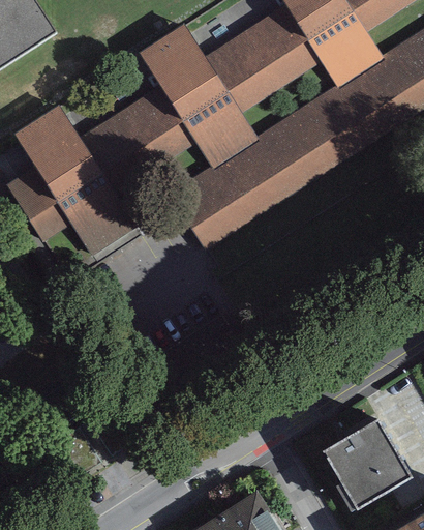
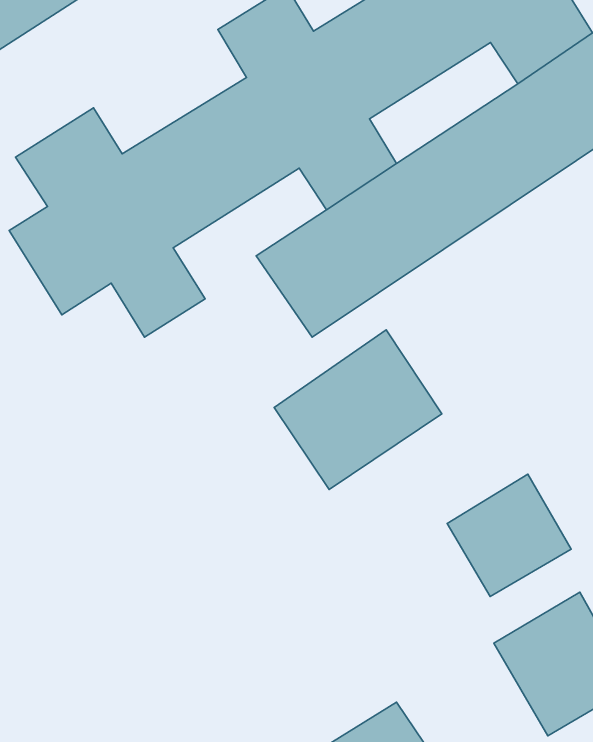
building: none -> [274,330,442,489]
building: none -> [447,474,571,596]

